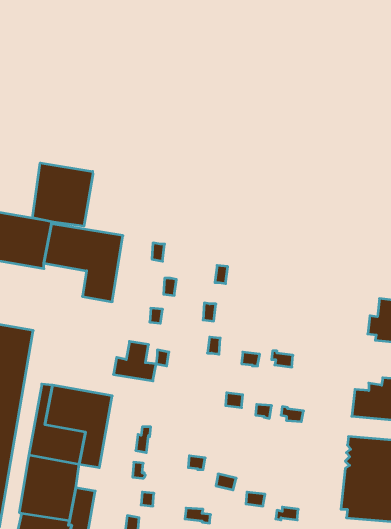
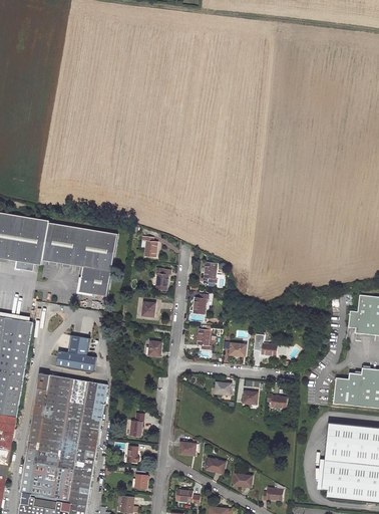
building: [32,163,93,226] -> none
building: [113,341,156,381] -> [56,336,96,373]
building: none -> [73,449,95,474]

